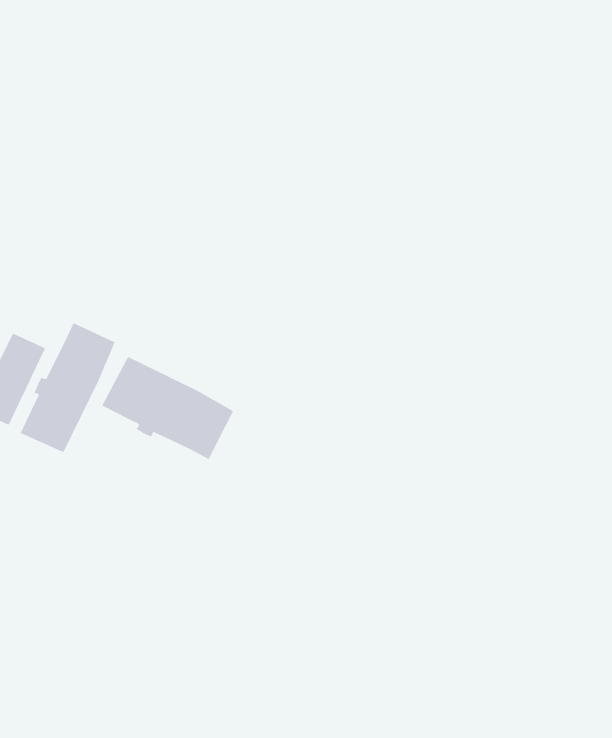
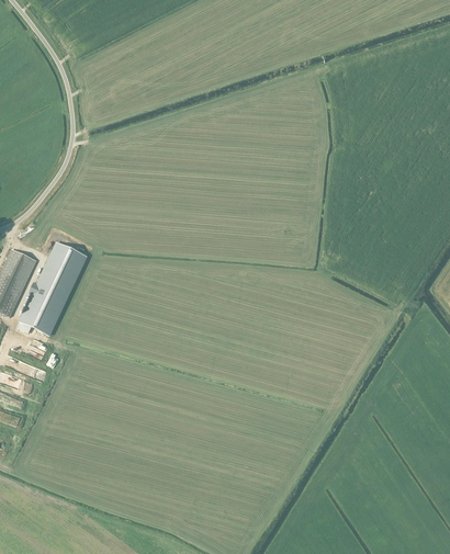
building: [102,356,234,460] -> none

